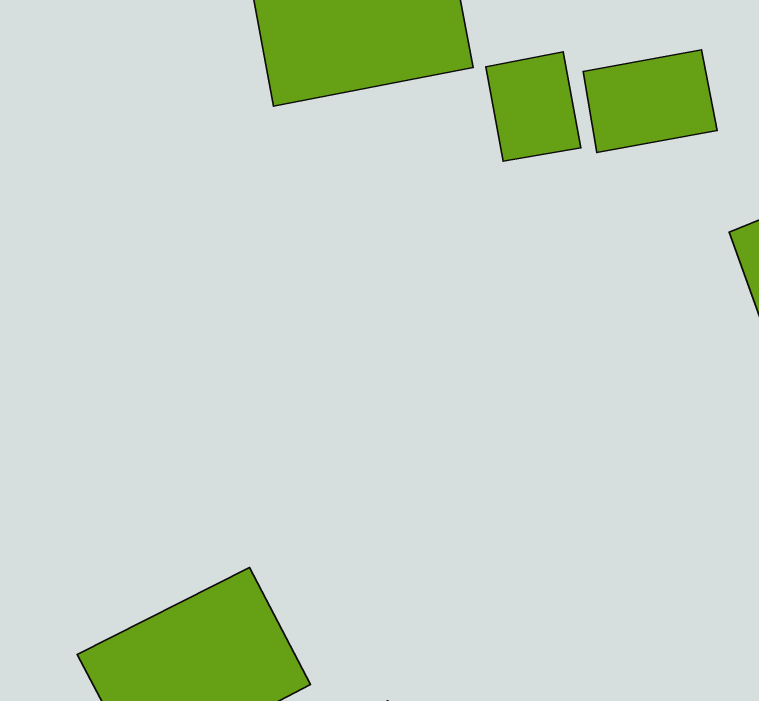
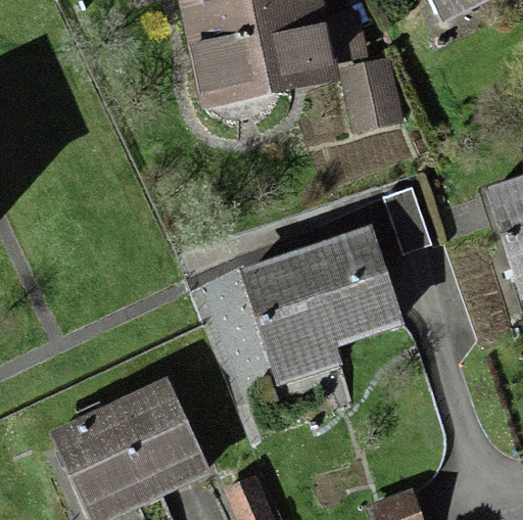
building: [583,50,717,153] -> none
building: none -> [250,230,397,368]

